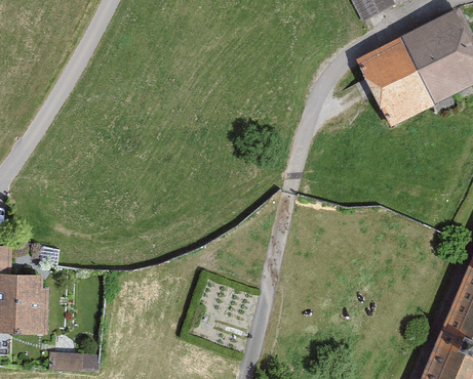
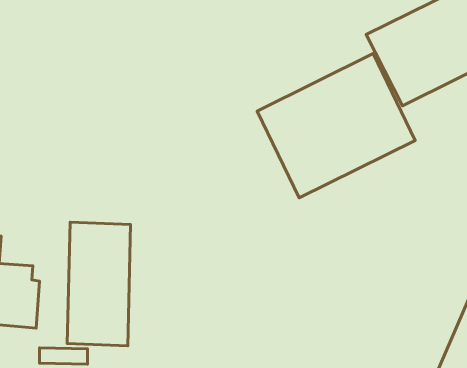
building: none -> [257,54,415,198]
building: none -> [67,222,131,346]

